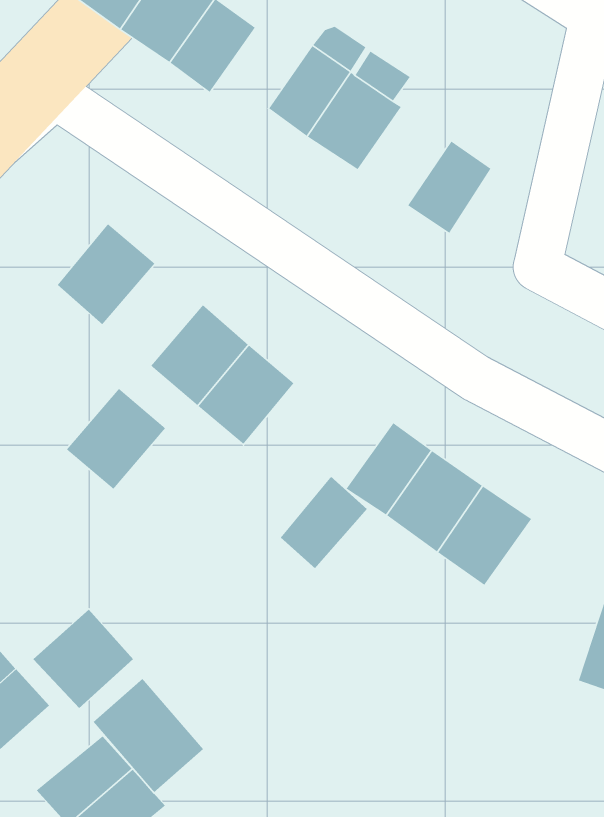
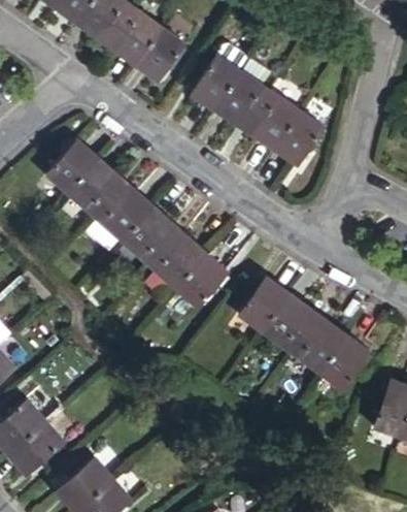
building: none -> [244,91,299,149]
building: none -> [45,139,98,195]
building: [66,388,166,490] -> [95,183,154,243]
building: [280,476,368,569] -> [177,253,229,308]
building: none -> [318,332,370,388]
building: [32,609,134,709] -> none
building: [93,678,204,793] -> none

